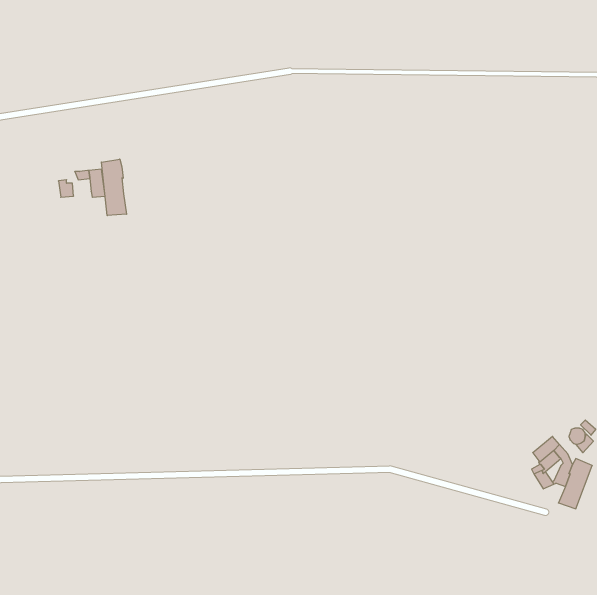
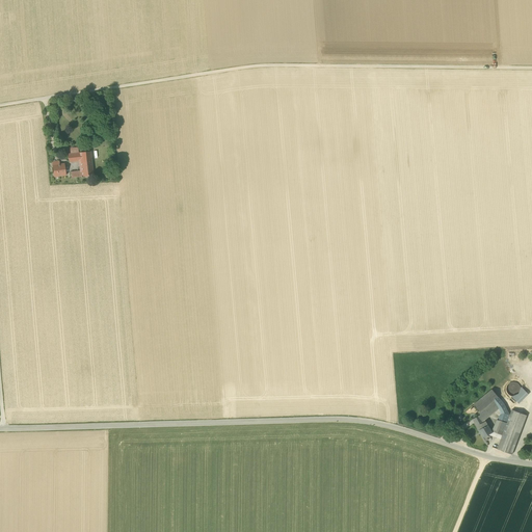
building: [101,159,127,216] -> none

